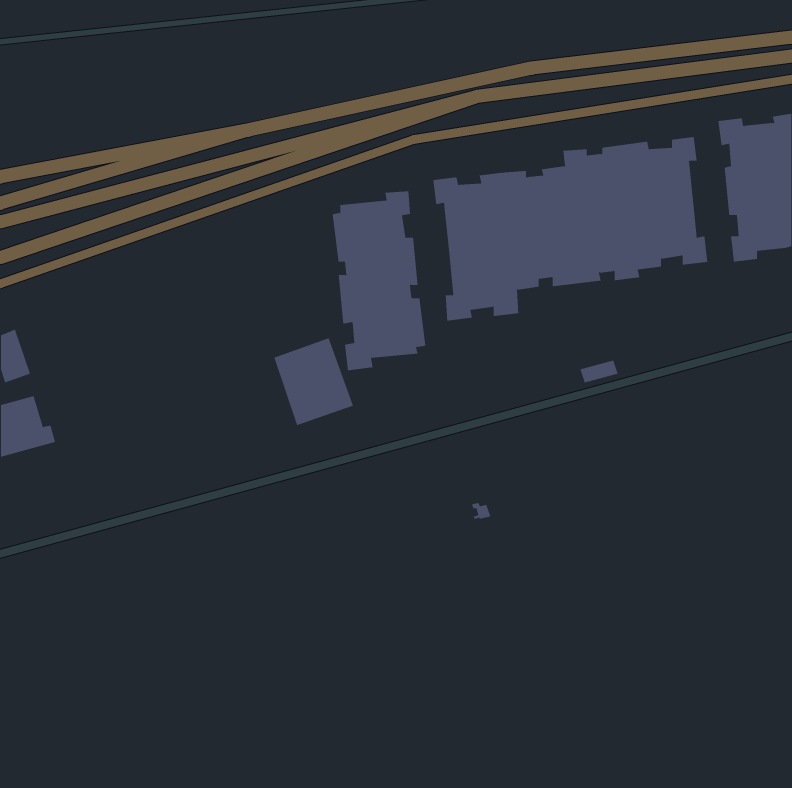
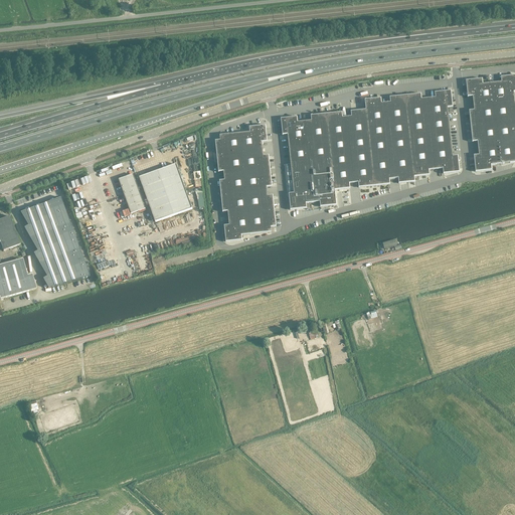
building: none -> [119,172,145,211]
building: none -> [20,195,90,286]
building: [273,337,354,426] -> [140,162,192,219]

